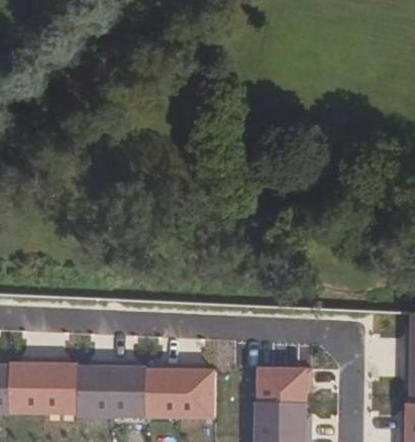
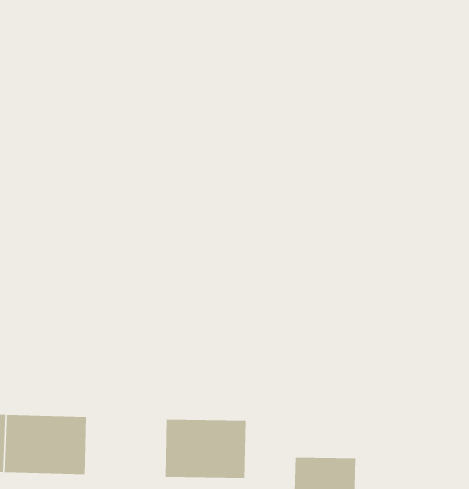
building: [78,366,146,418] -> none
building: [256,366,310,402] -> none

